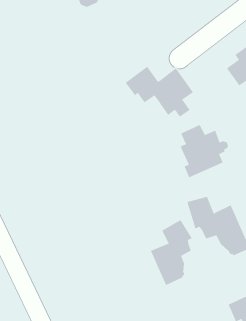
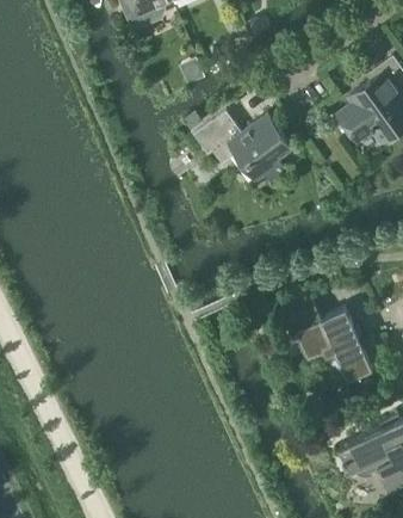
building: [180,124,229,178] -> none
building: [150,219,193,286] -> none

